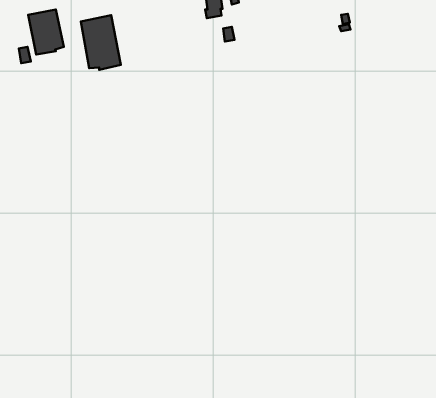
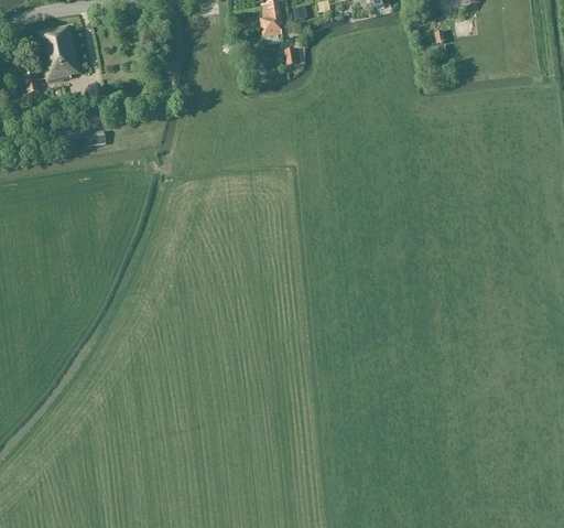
building: [81,15,121,70] -> none

